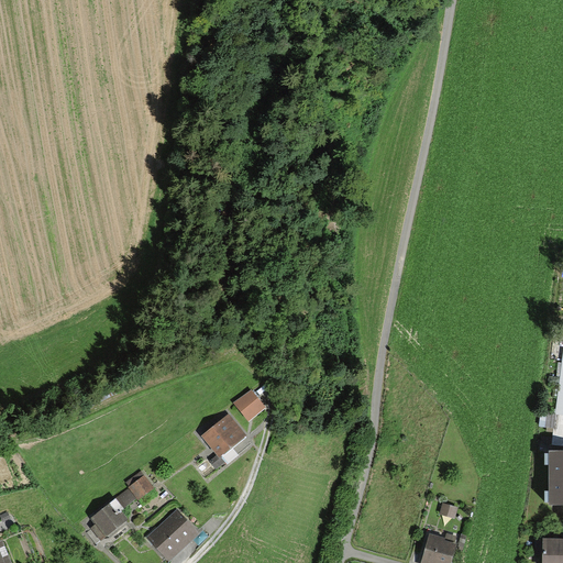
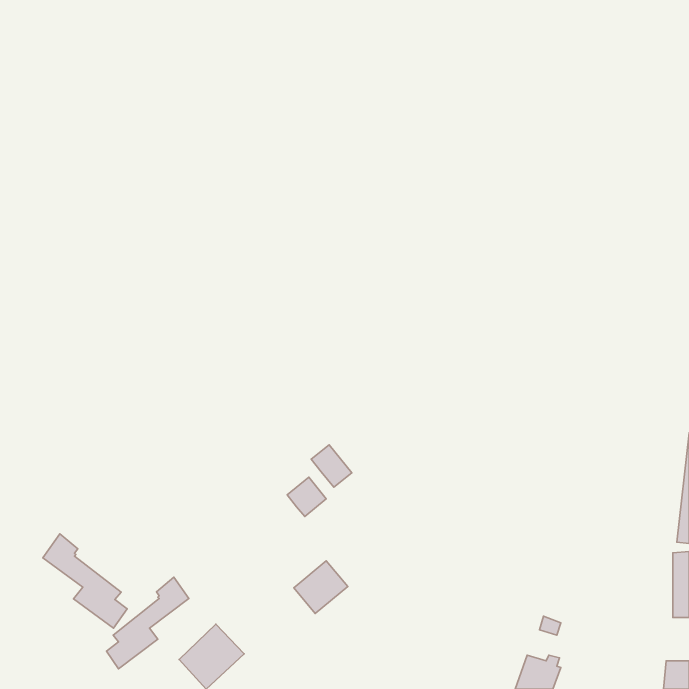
building: none -> [311,445,352,487]
building: [202,415,246,457] -> [294,561,348,613]
building: none -> [43,534,127,628]

